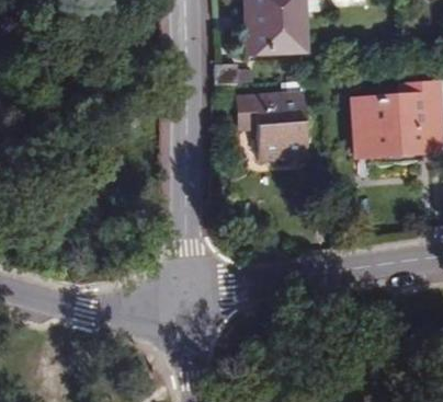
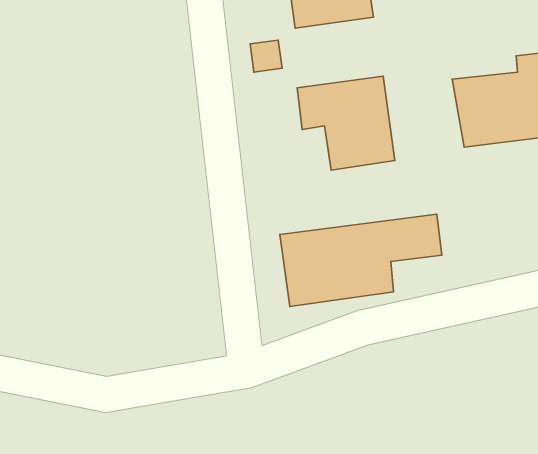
building: none -> [280,214,442,307]

